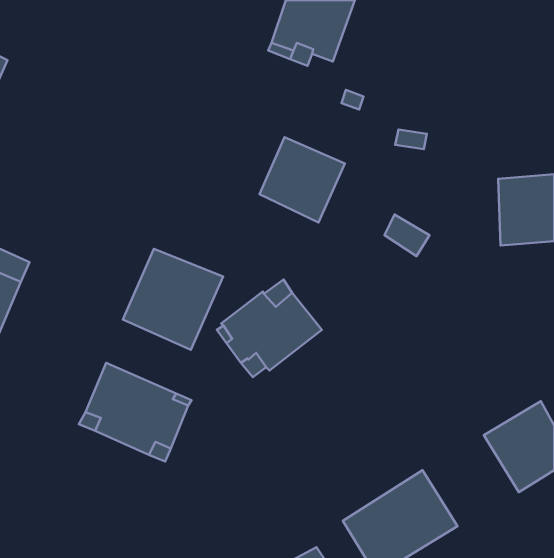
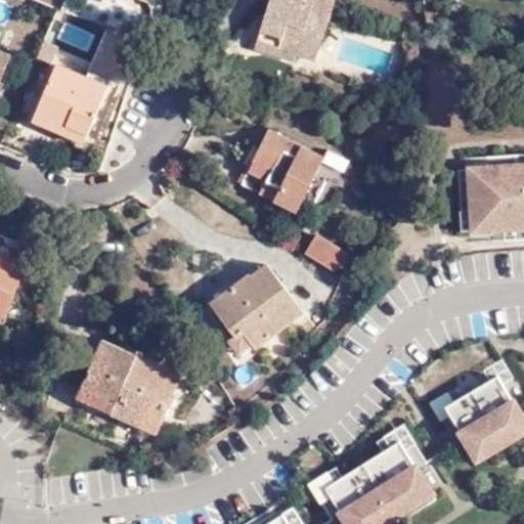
building: none -> [33,66,106,135]
building: [385,214,429,256] -> [304,232,346,271]
building: [123,249,223,350] -> none

